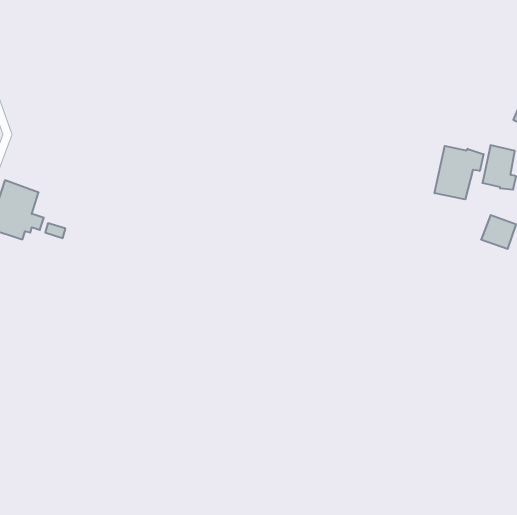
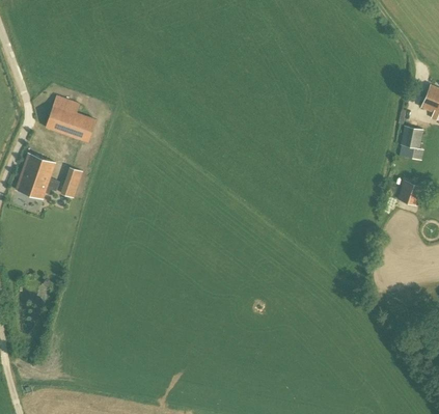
building: none -> [46,94,97,141]
building: [435,146,484,199] -> none

